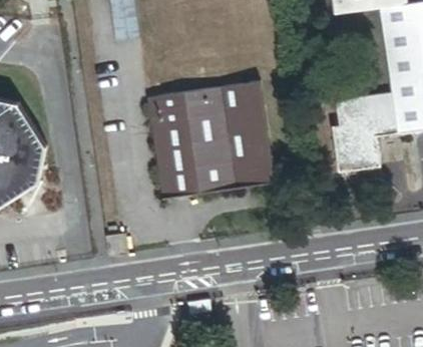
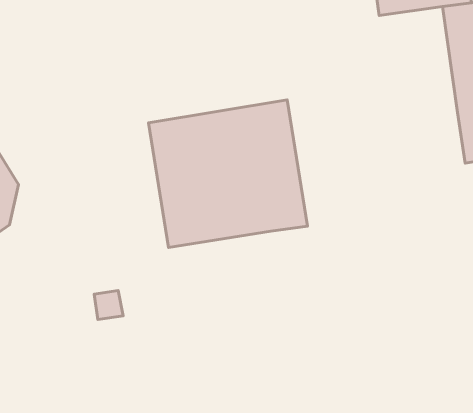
building: [333,93,401,174] -> none

